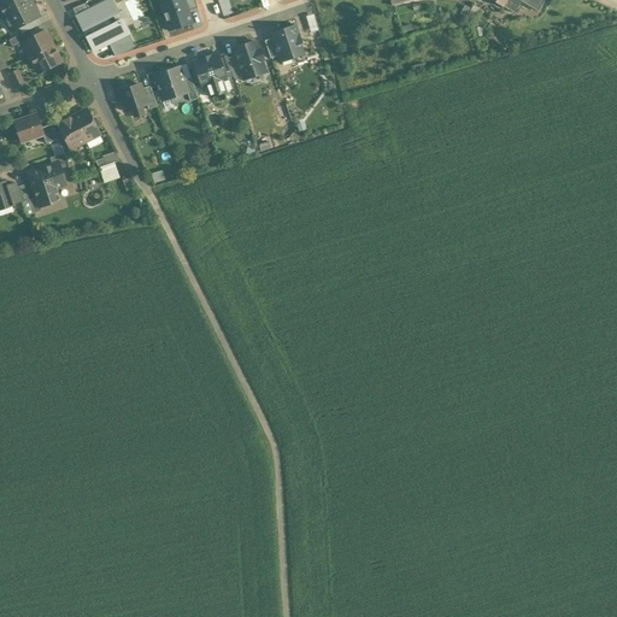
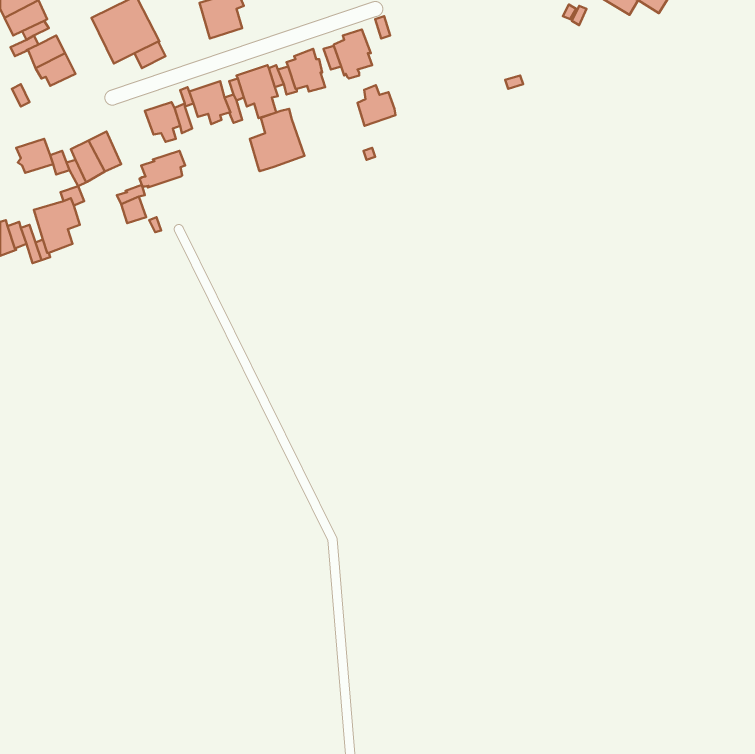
building: none -> [358,85,395,126]
building: none -> [250,109,305,171]
building: none -> [139,151,185,188]

